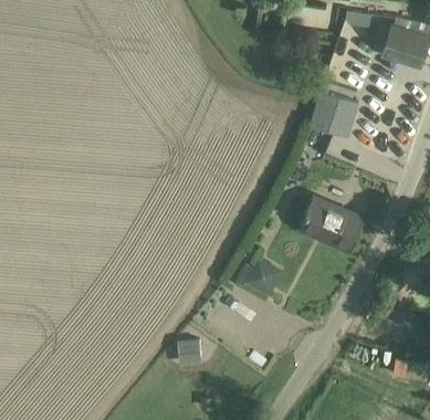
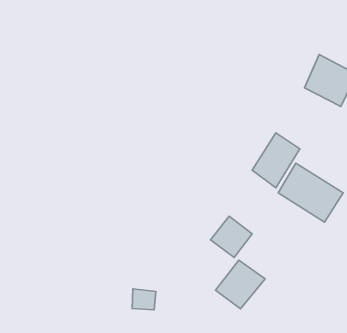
building: none -> [252,133,300,188]
building: none -> [216,260,265,309]

